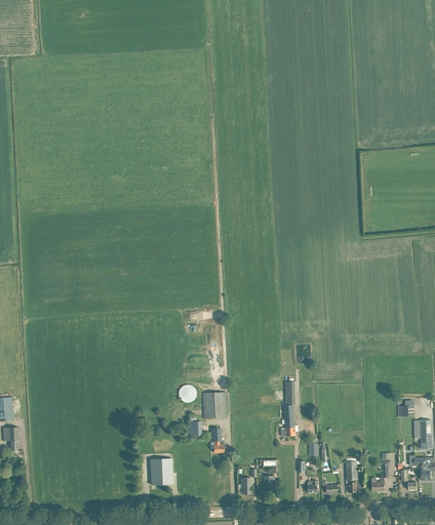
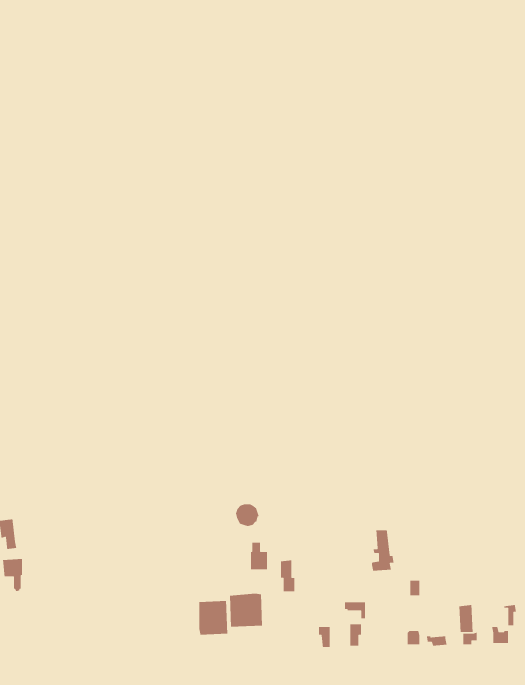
building: [202,392,226,418] -> none
building: none -> [229,593,263,628]

